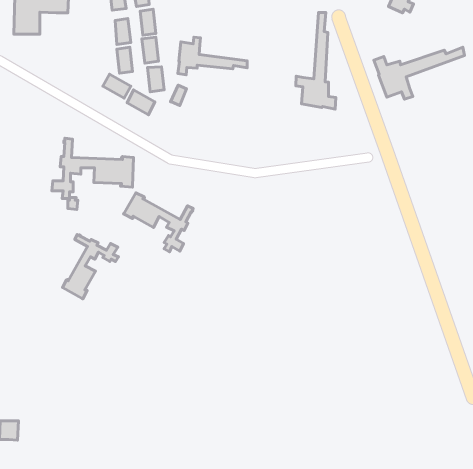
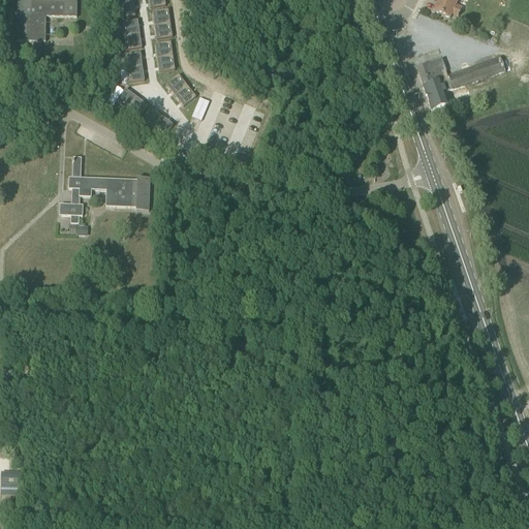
building: [296,12,336,109] -> none
building: [178,37,247,75] -> none
building: [124,193,193,252] -> none
building: [63,234,119,299] -> none

